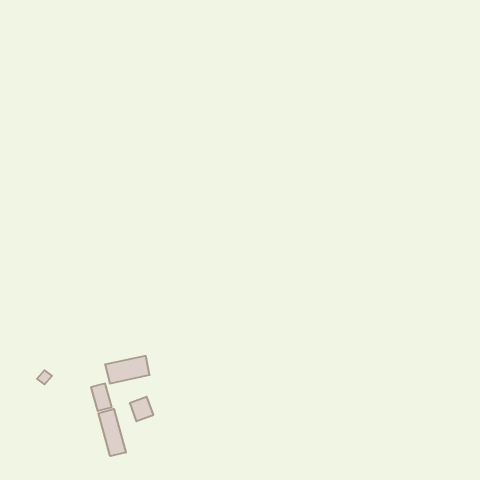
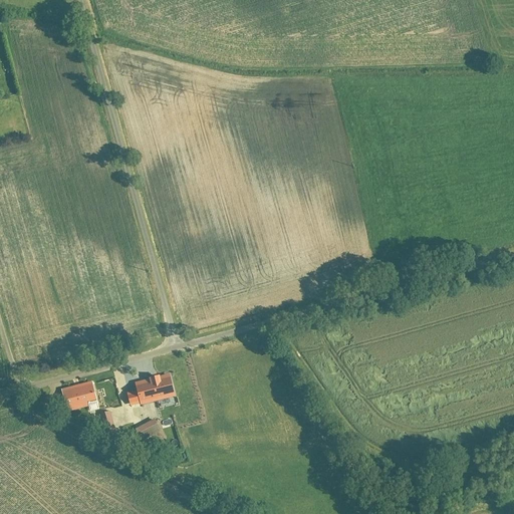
building: none -> [65,379,100,409]
building: [98,409,126,456] -> none

